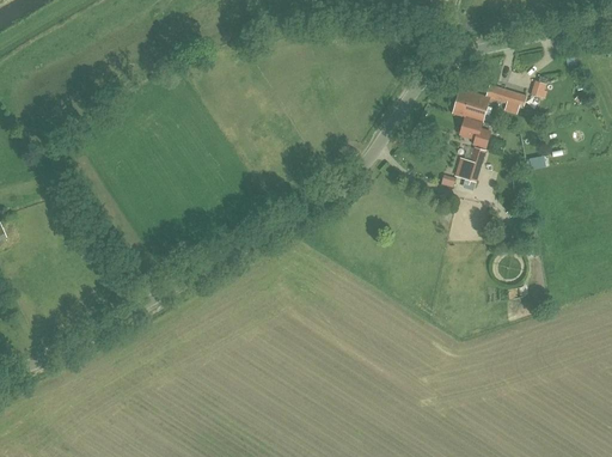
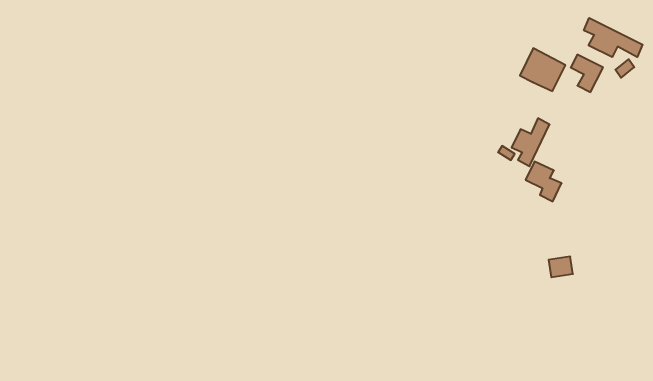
building: none -> [584,18,643,57]
building: [459,116,490,147] -> [526,162,562,201]

